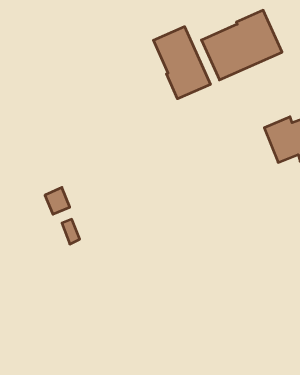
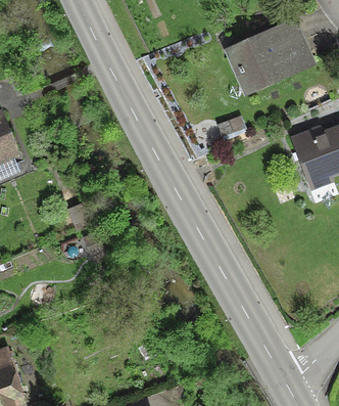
building: [153,27,210,99] -> none

